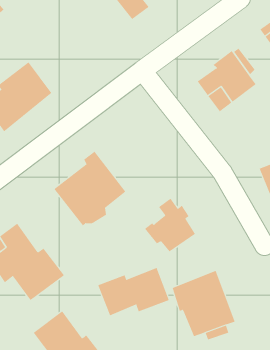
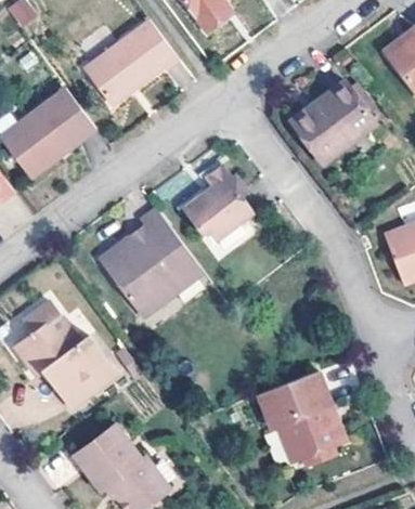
building: none -> [88,18,183,105]
building: [144,198,196,252] -> [187,164,257,237]
building: [98,267,170,316] -> none

